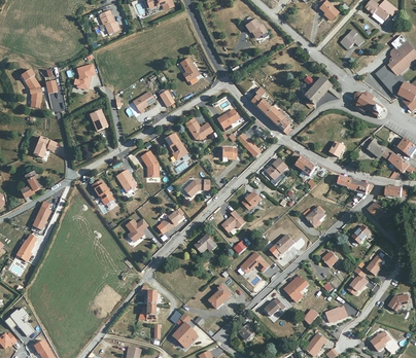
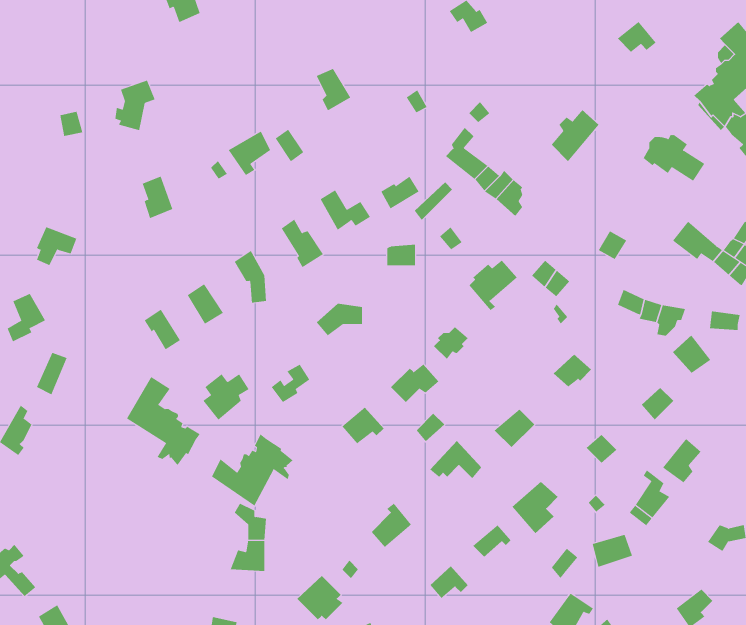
building: [21,69,42,107] -> none
building: none -> [126,376,201,466]
building: none -> [211,433,294,507]

